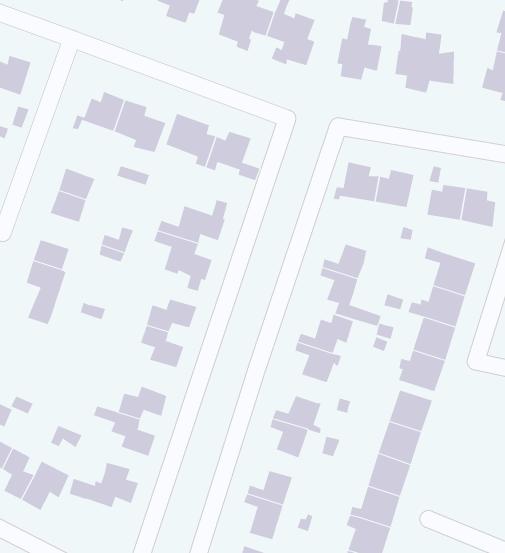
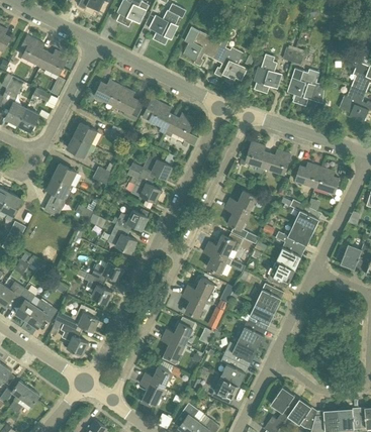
building: none -> [61,324,88,354]

